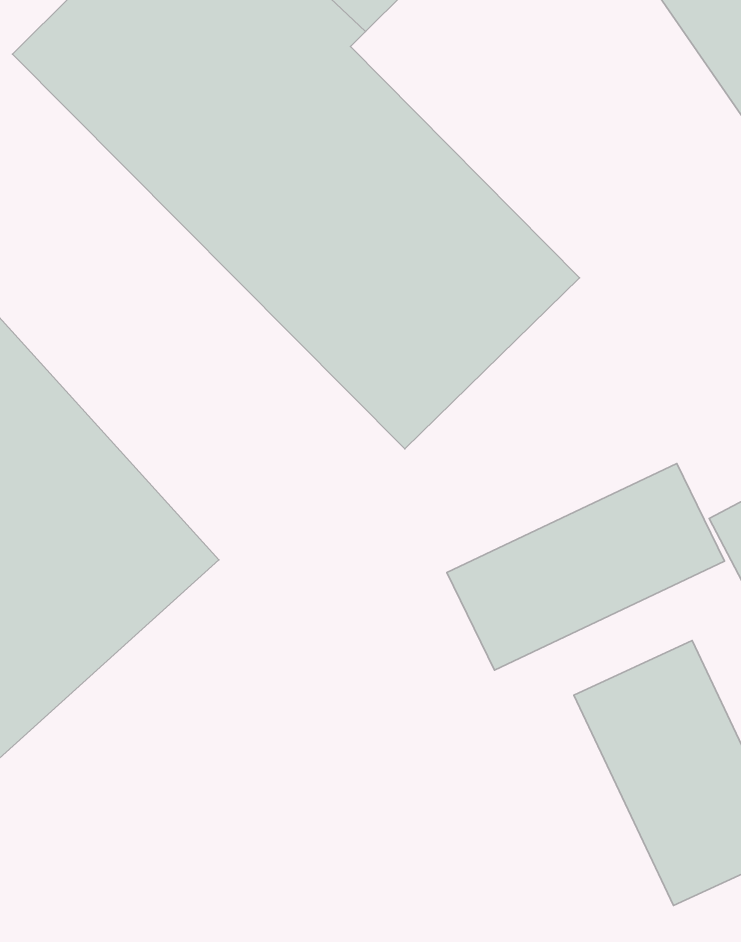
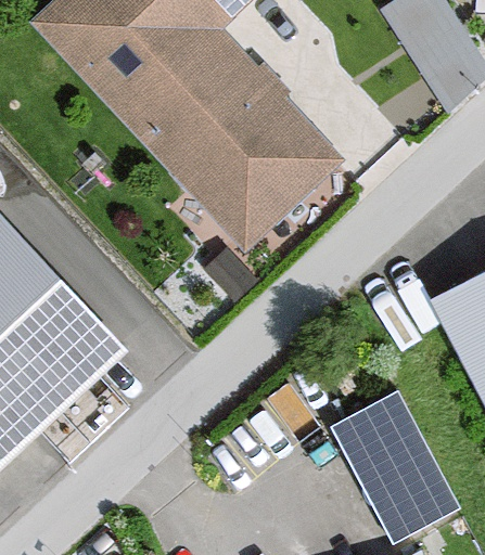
building: [447,464,725,670] -> none

